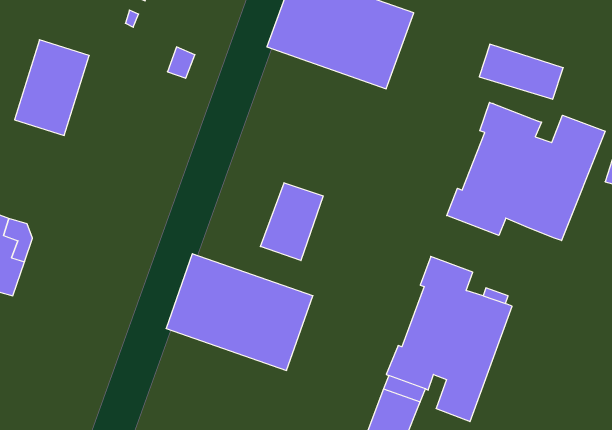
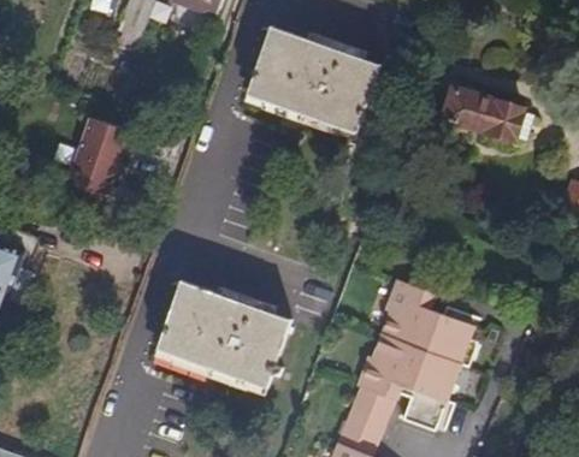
building: [15,40,89,135] -> [66,114,135,202]
building: [447,102,605,241] -> none
building: [260,183,323,261] -> none

